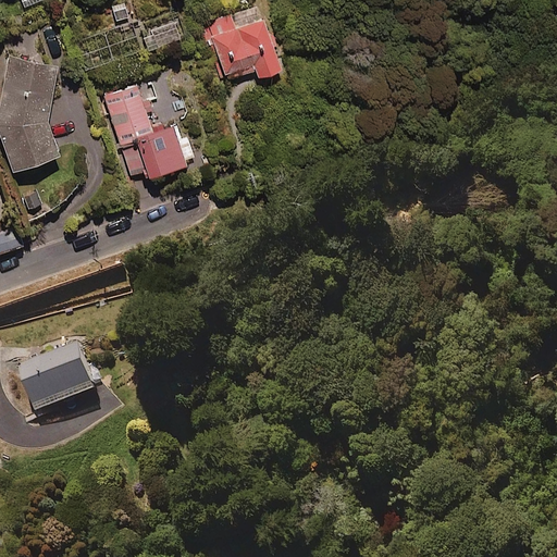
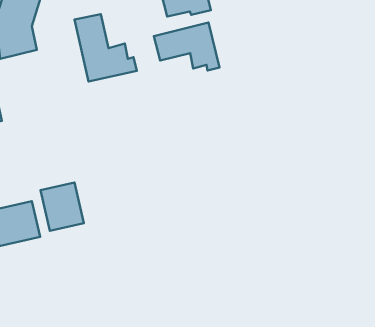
building: none -> [154,23,220,70]
building: none -> [41,183,84,231]

